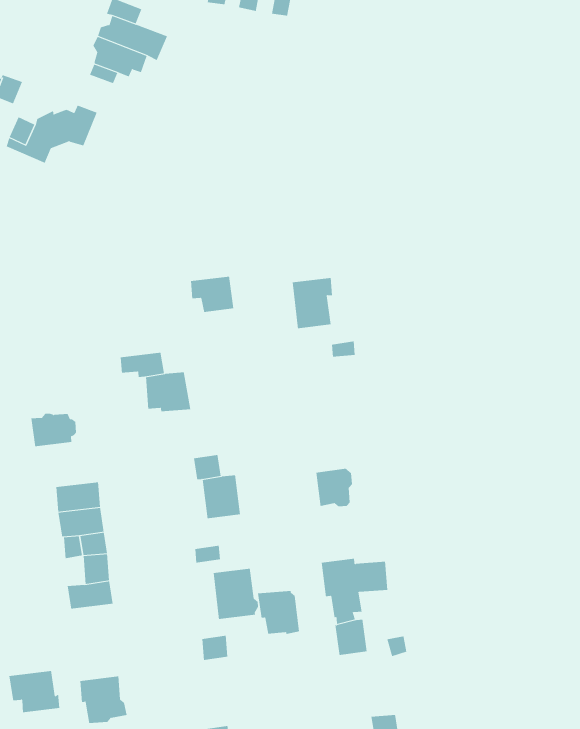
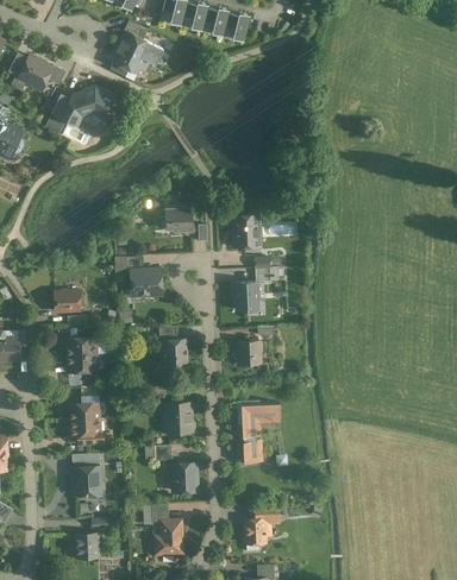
building: none -> [236,283,257,311]
building: [257,591,300,634] -> [171,464,198,492]
building: [9,671,60,713] -> [70,418,102,445]

